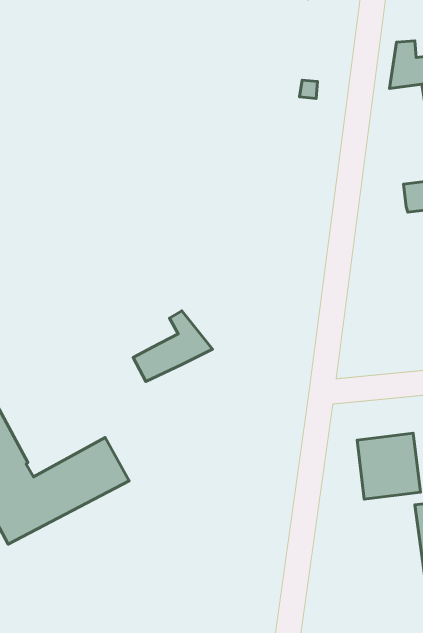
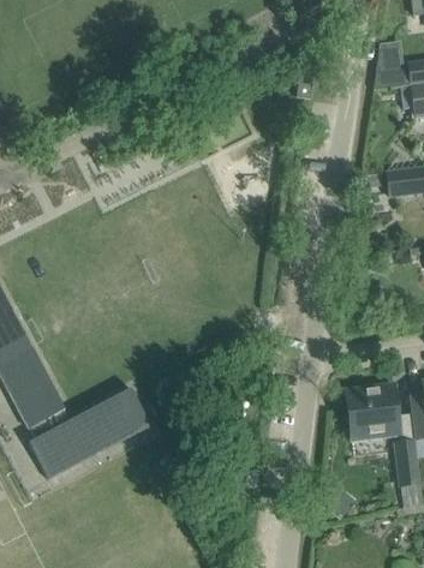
building: [133,311,213,382] -> none

